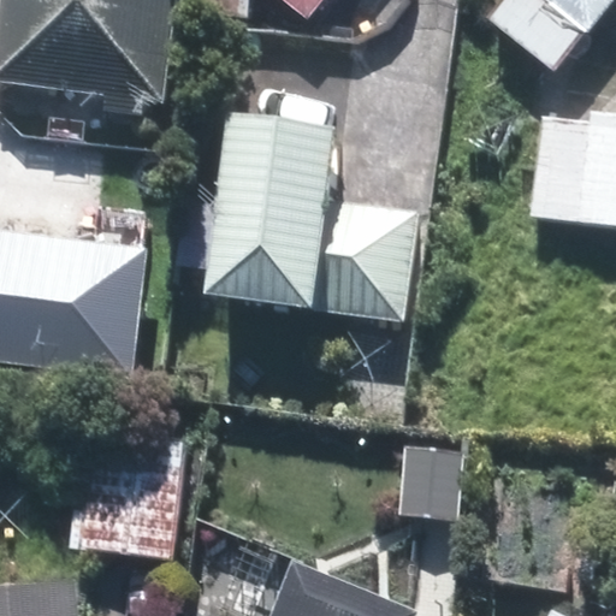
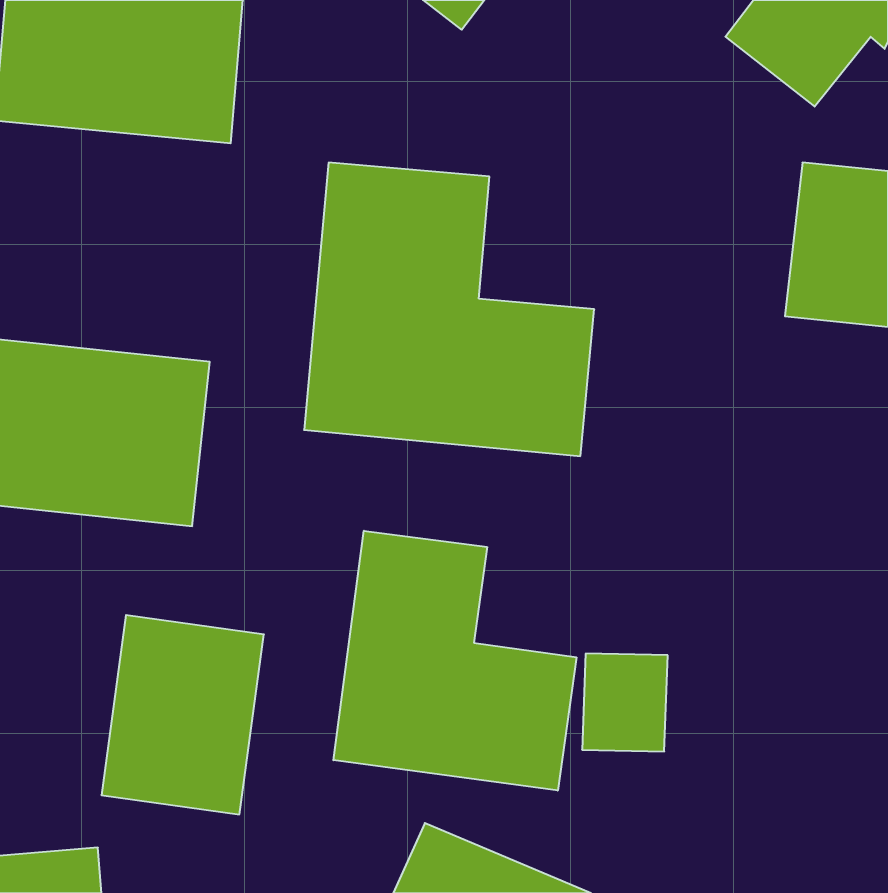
building: none -> [333,531,576,791]

